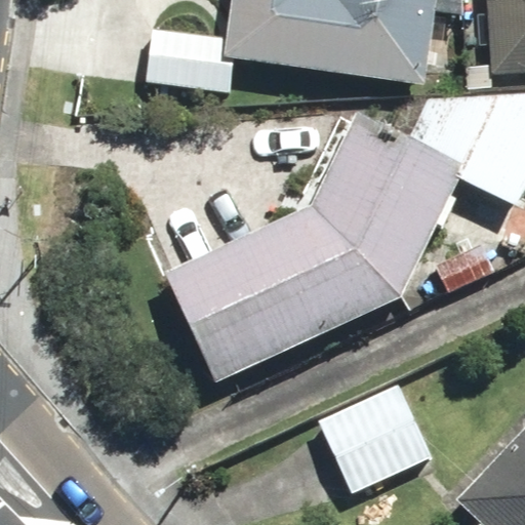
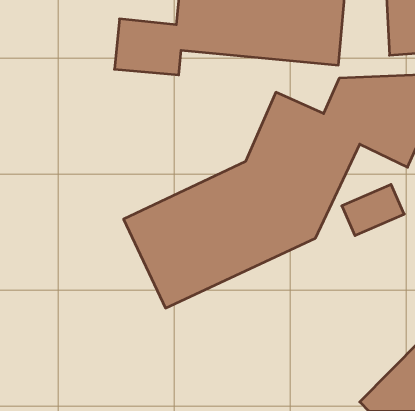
building: [313,376,445,499] -> none

